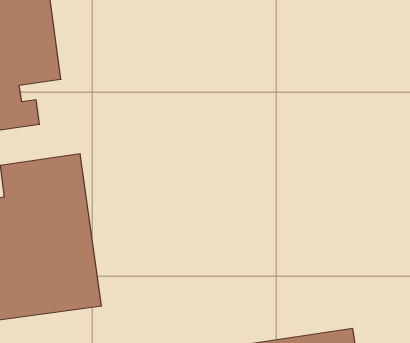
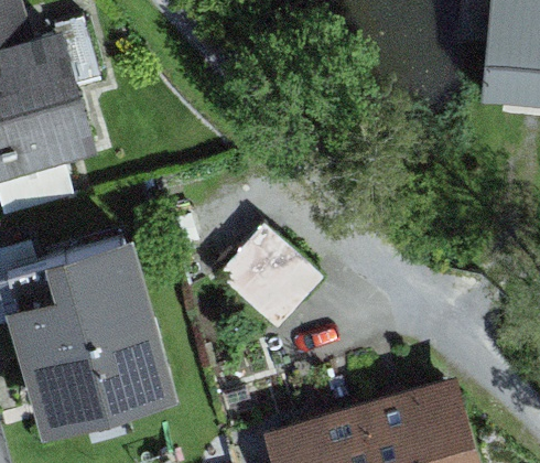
building: none -> [218,226,332,338]

